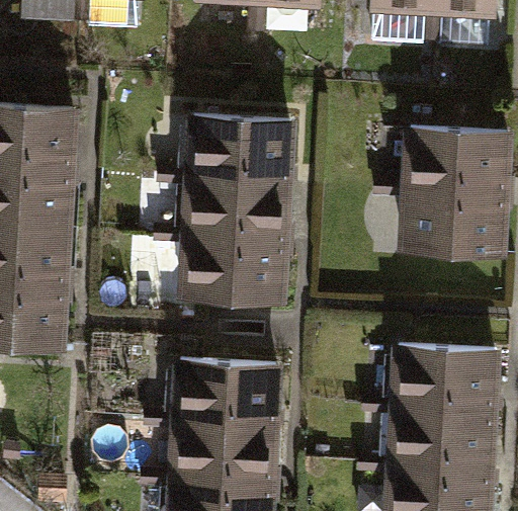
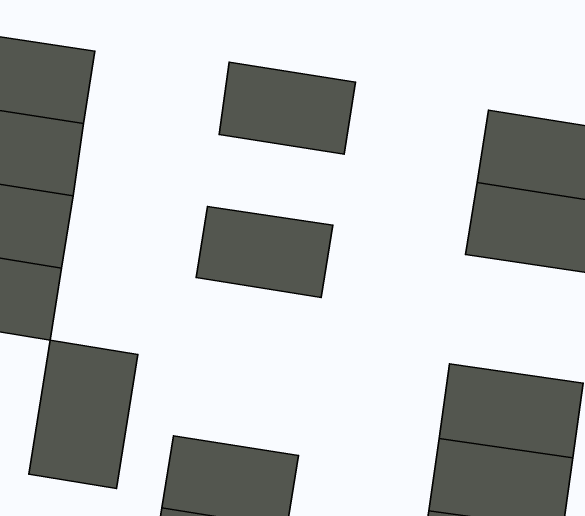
building: [184,171,291,237] -> none
building: none -> [29,340,138,488]
building: [173,360,280,427] -> none

